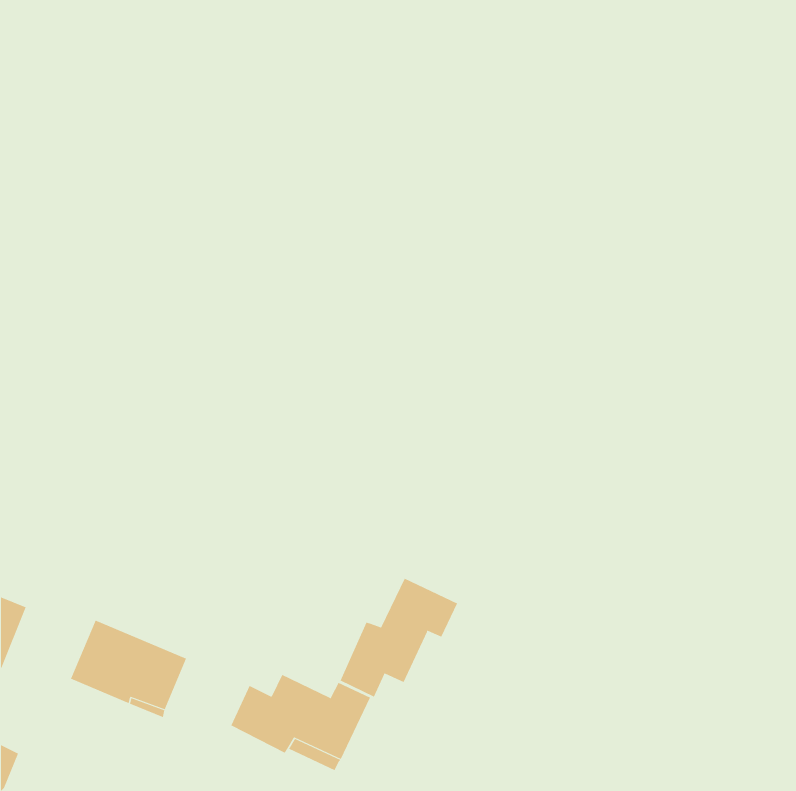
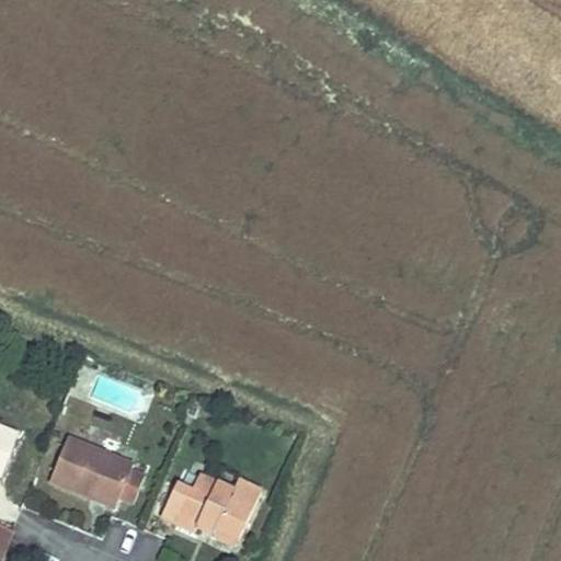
building: [340,578,458,698] -> none

